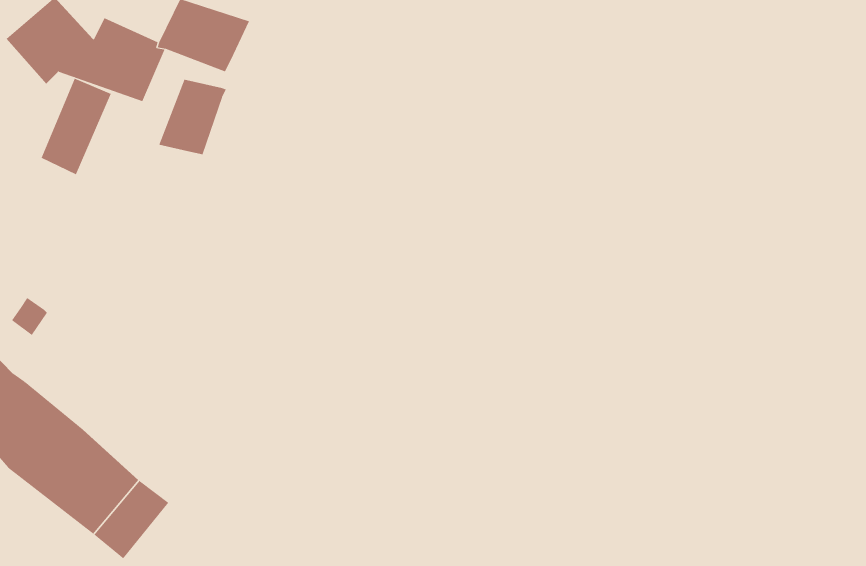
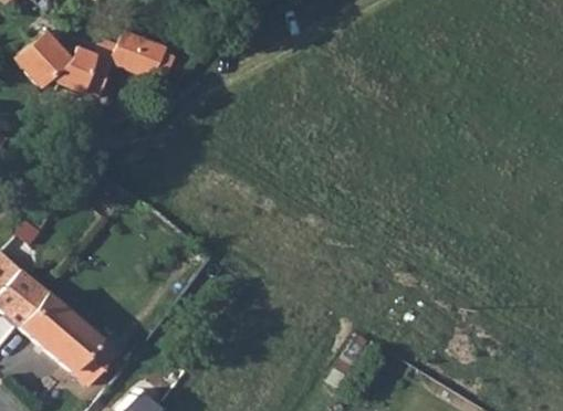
building: [41,78,112,175] -> none
building: [158,79,227,155] -> none

